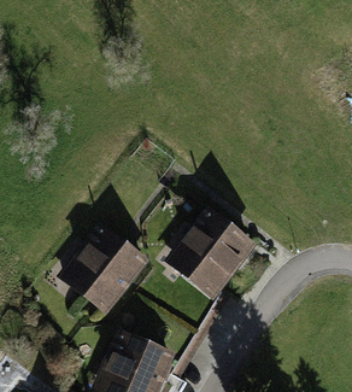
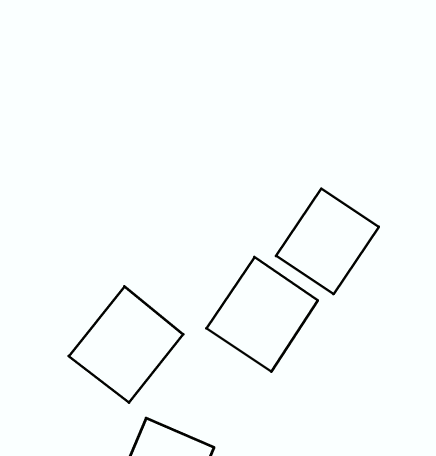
building: none -> [276,189,379,294]

